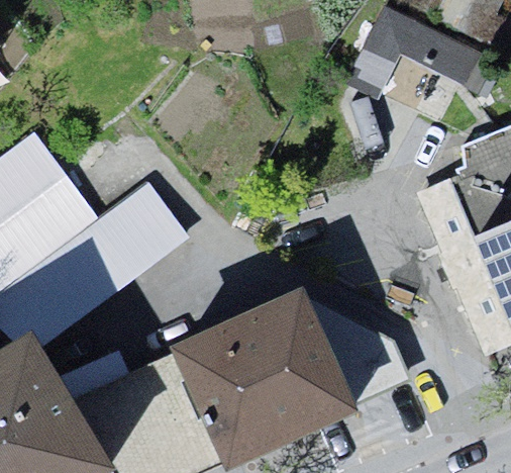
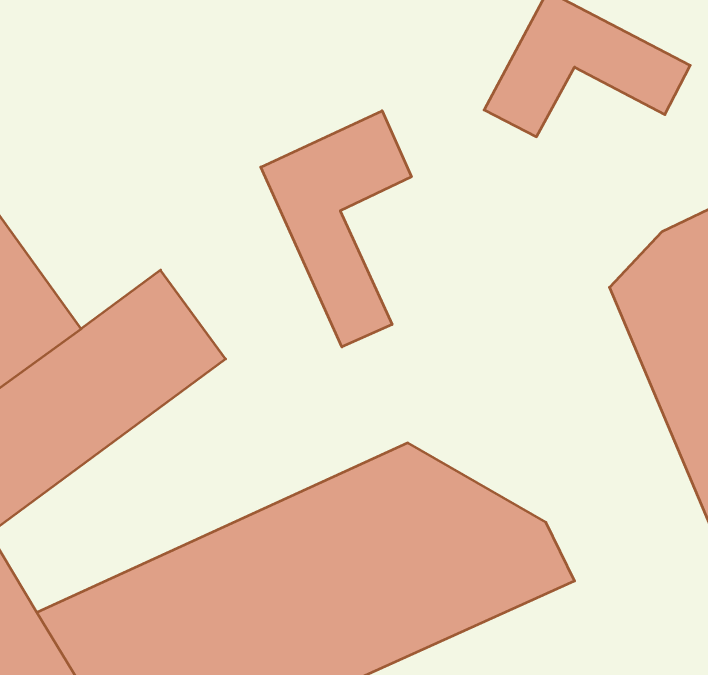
building: none -> [261,111,411,347]

